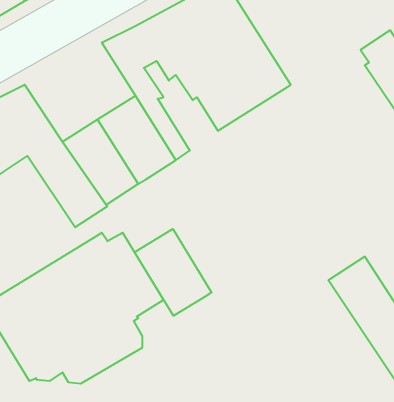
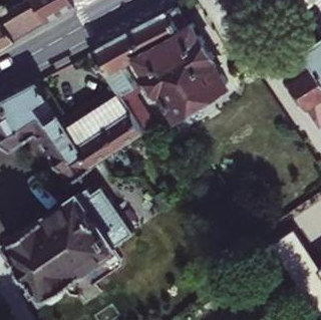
building: [135,229,212,316] -> none

